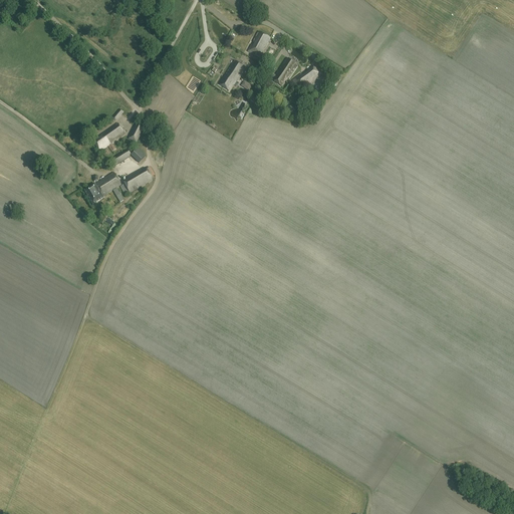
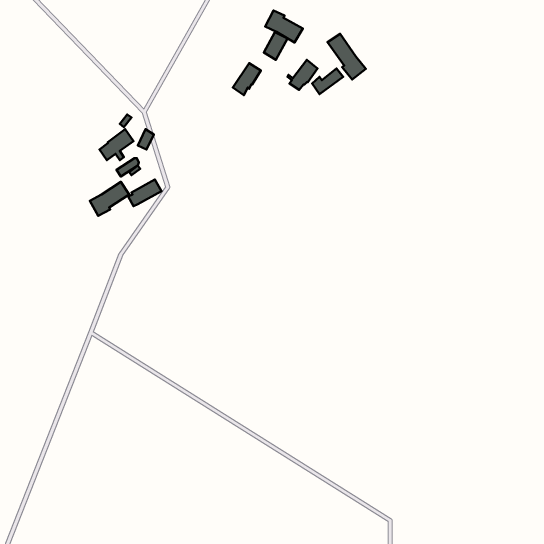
building: none -> [265,10,303,43]
building: none -> [327,34,366,80]

